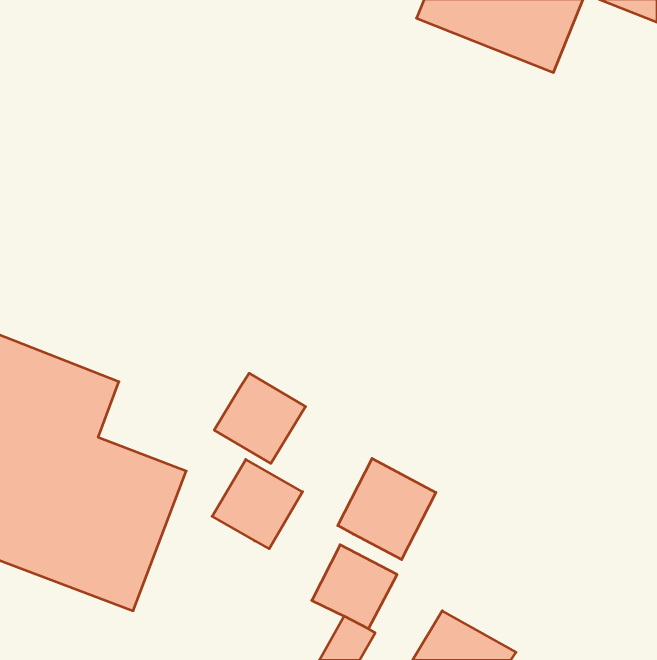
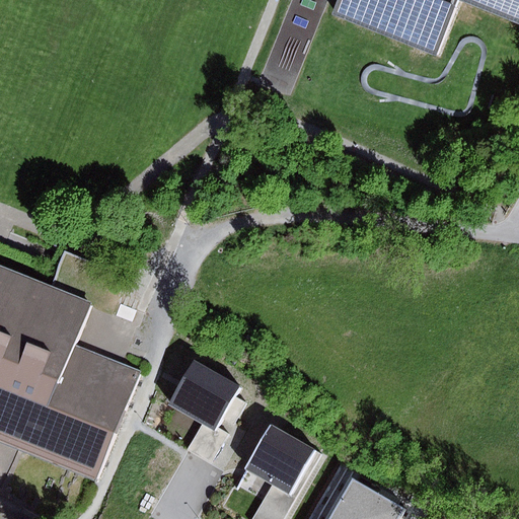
building: [214,373,306,463] -> none
building: [338,458,436,560] -> none
building: none -> [186,424,224,462]

